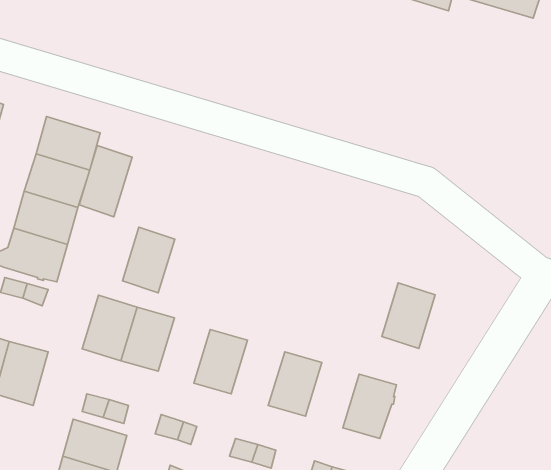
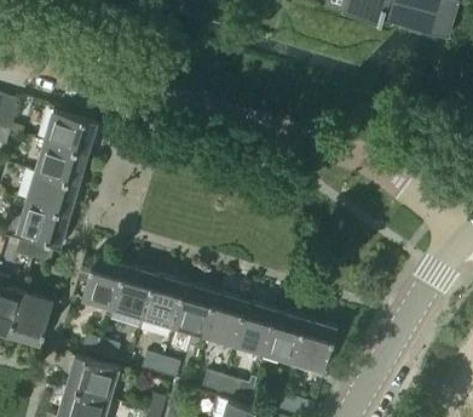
building: [79,145,132,217] -> none
building: [123,227,175,293] -> [143,275,185,329]
building: [382,283,435,348] -> [263,312,306,365]
building: none -> [202,293,246,347]

